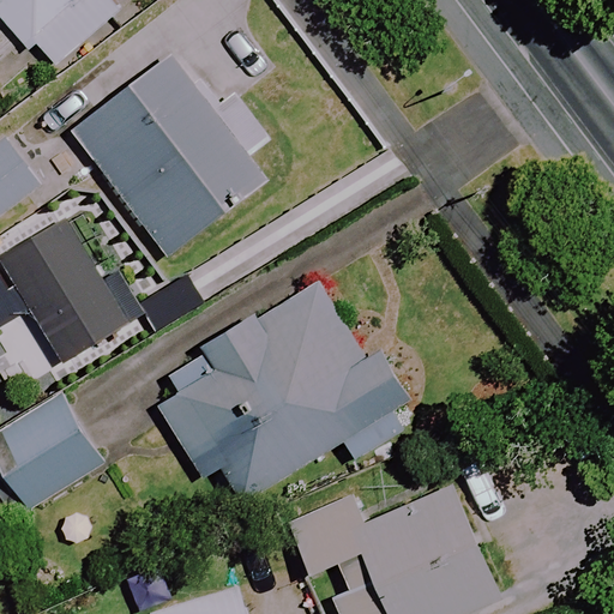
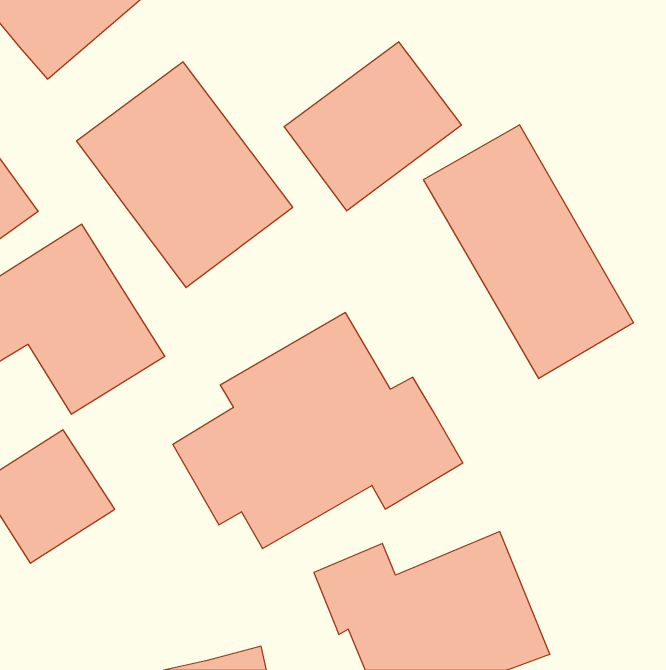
building: none -> [284,42,462,211]
building: none -> [424,125,633,379]

